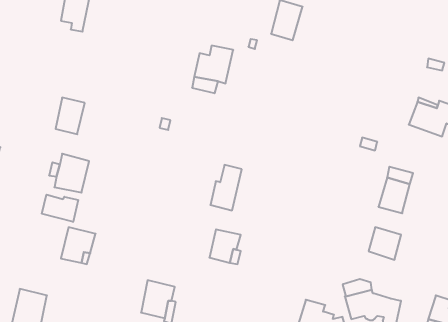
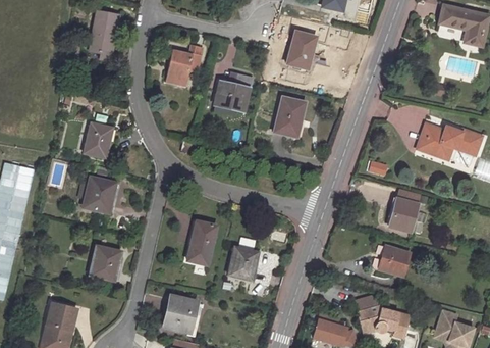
building: none -> [165,44,202,86]
building: none -> [274,96,305,136]
building: [210,165,242,210] -> [187,221,217,264]
building: [42,195,78,222] -> none

